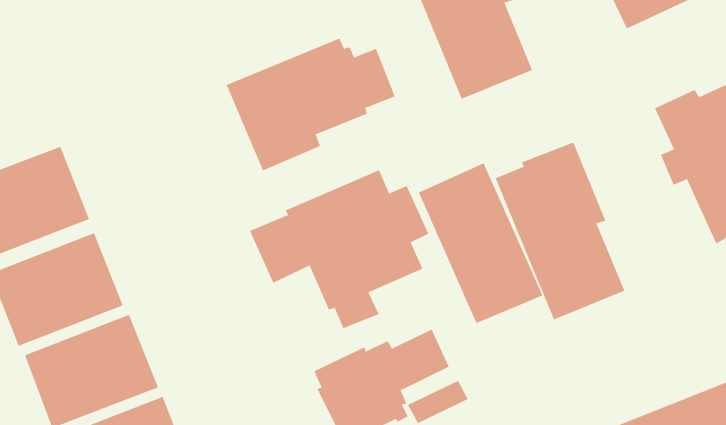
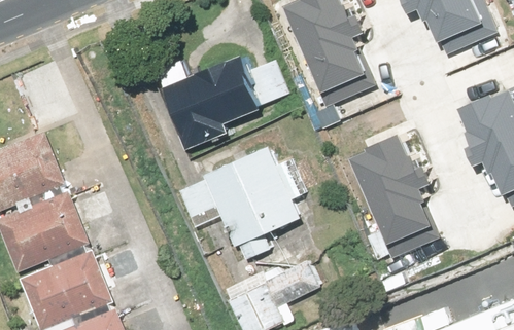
building: [418,163,543,324] -> none

